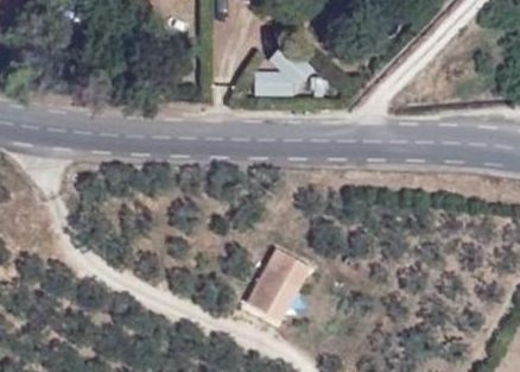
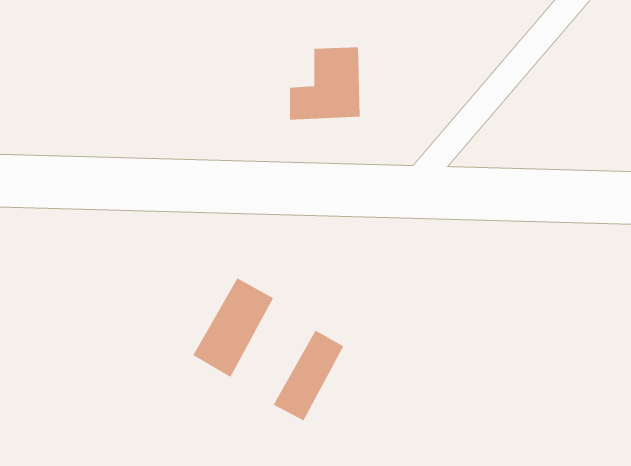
building: none -> [193,277,274,378]

